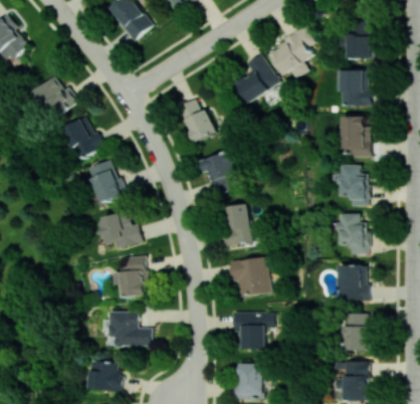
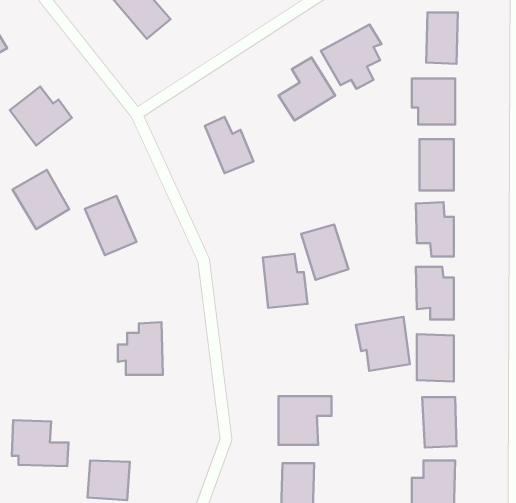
building: [59,117,102,162] -> [12,170,69,229]
building: [201,153,237,195] -> [301,224,349,280]
building: [99,213,141,248] -> none
building: [228,256,269,297] -> [356,317,410,371]
building: [108,312,151,347] -> [12,420,68,466]

